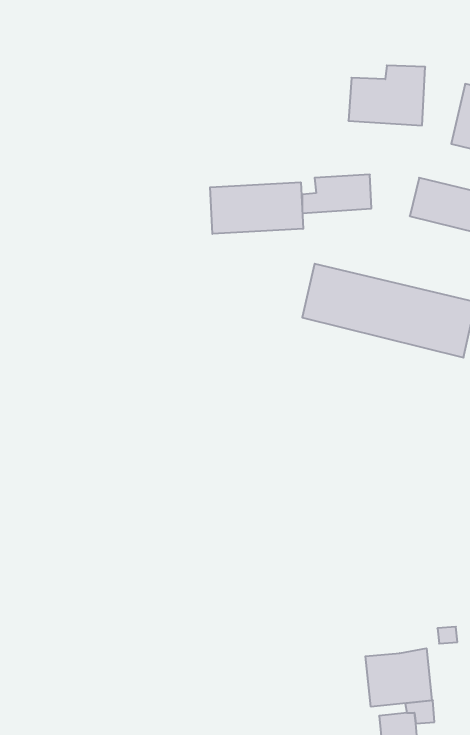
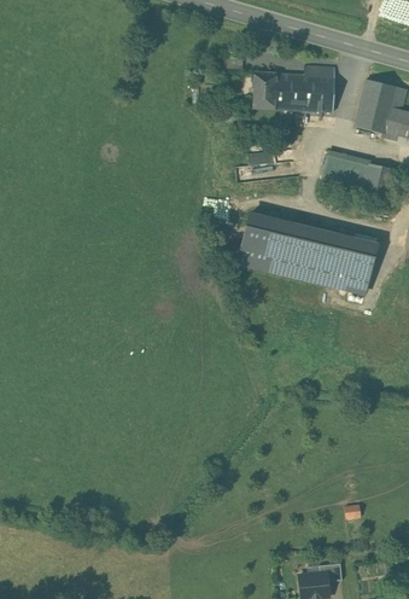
building: none -> [251,70,276,109]
building: [210,182,303,234] -> none
building: [365,648,432,707] -> none

